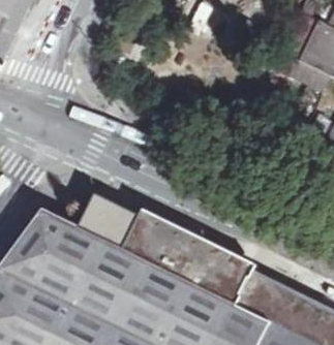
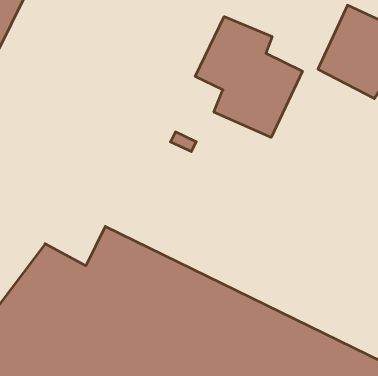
building: none -> [195,17,302,137]

